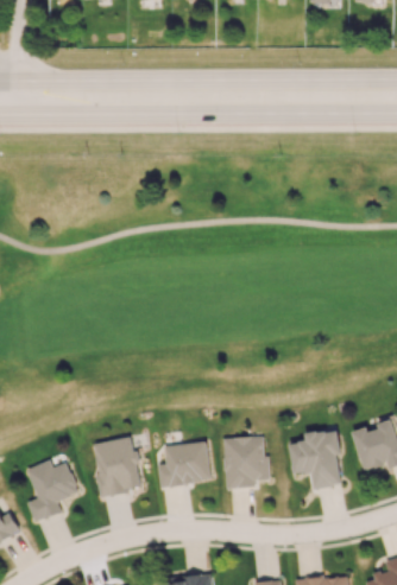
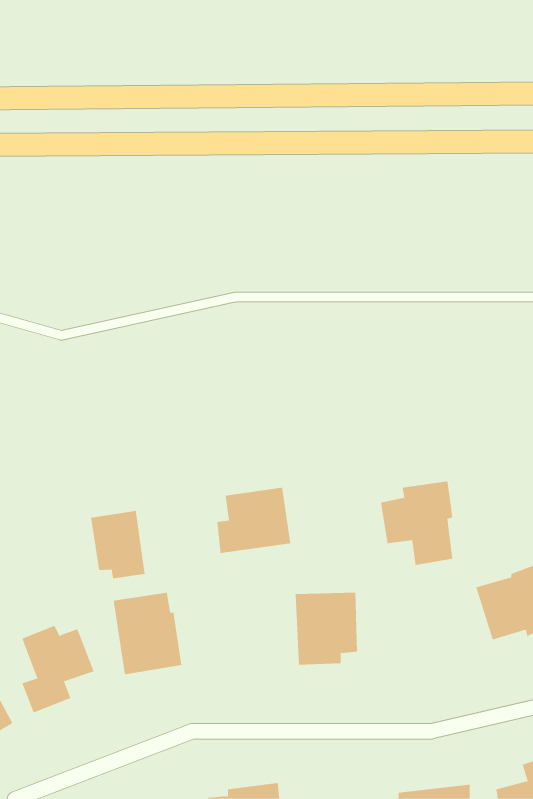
building: none -> [90,510,145,579]
building: [289,427,341,488] -> [380,481,453,565]
building: [158,439,212,487] -> [216,487,291,553]

